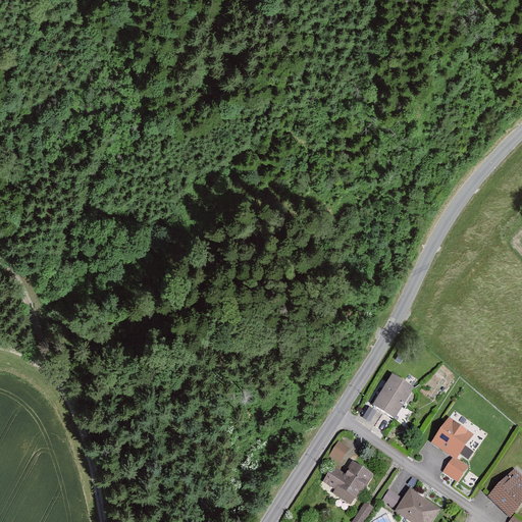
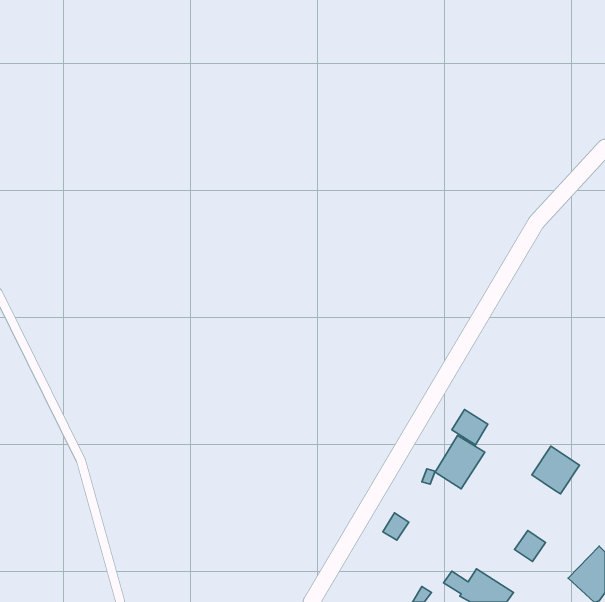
building: none -> [452,409,488,445]
building: [433,417,474,458] -> [532,446,580,494]
building: [324,459,376,504] -> none

